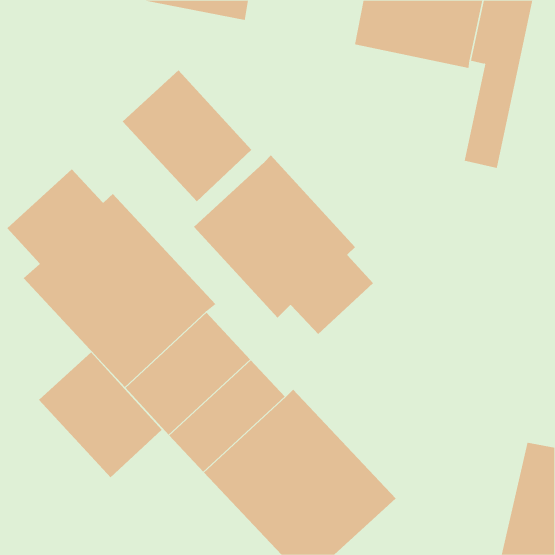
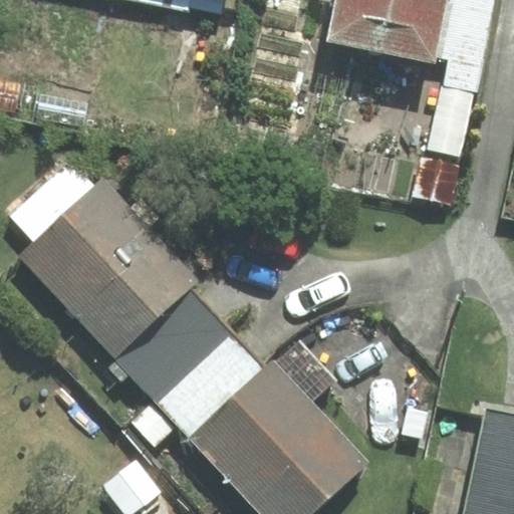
building: [122,69,252,202] -> none
building: [193,154,374,335] -> none
building: [38,351,162,478] -> none

